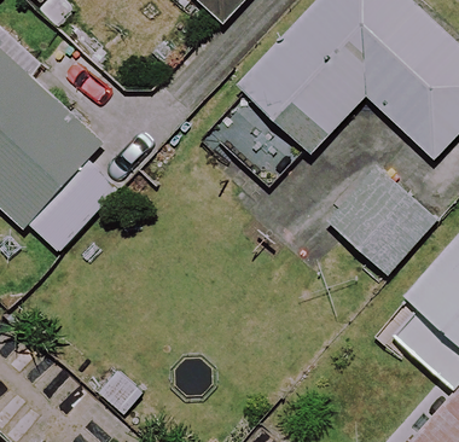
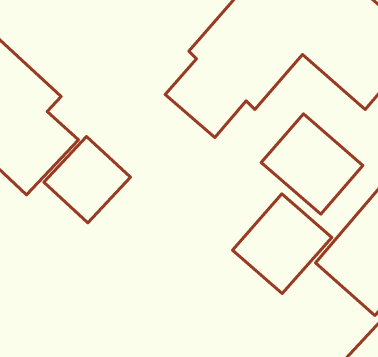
building: none -> [44,137,131,223]
building: none -> [232,194,332,294]

